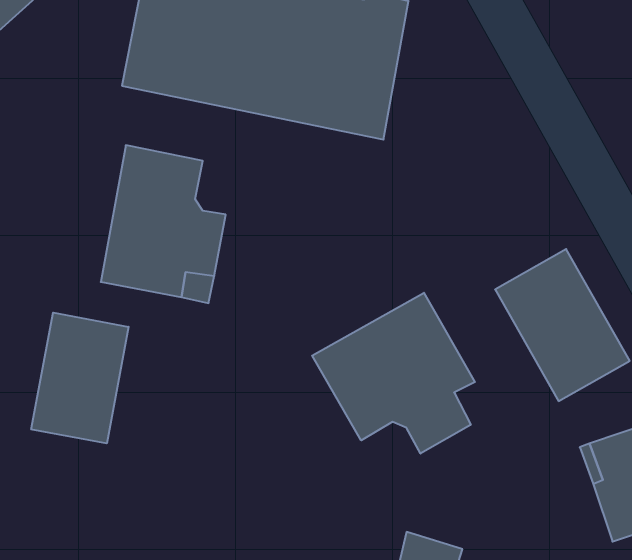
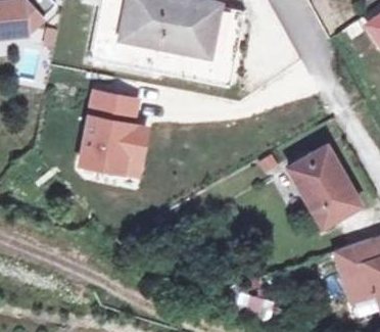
building: [312,293,475,454] -> none
building: [31,313,129,443] -> none

